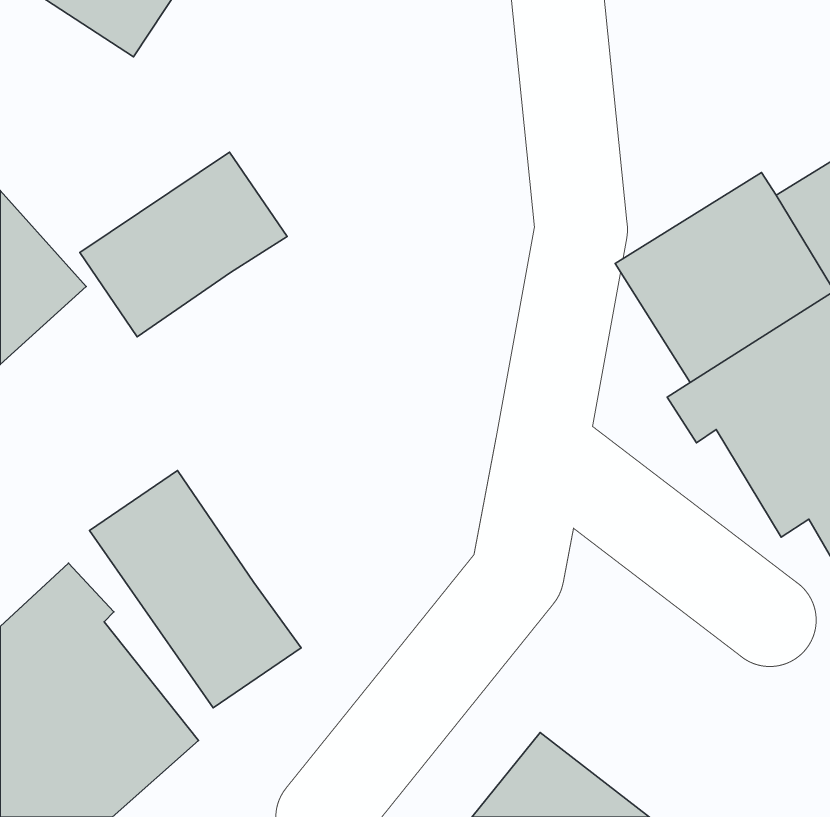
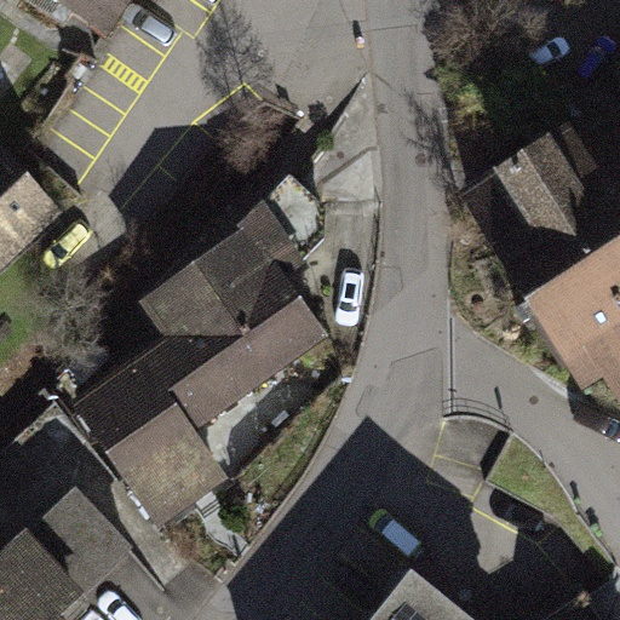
building: [80,152,287,337] -> none
building: none -> [131,217,326,434]

